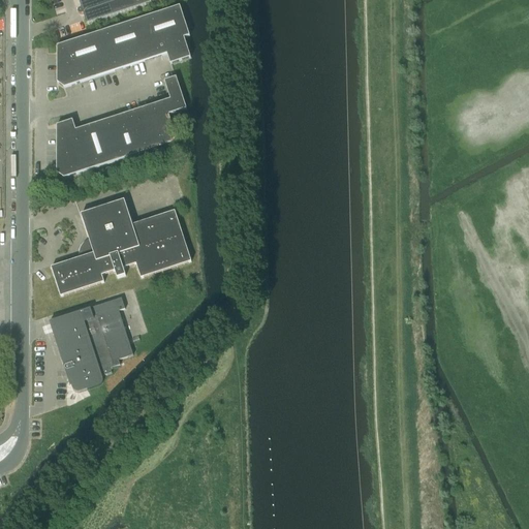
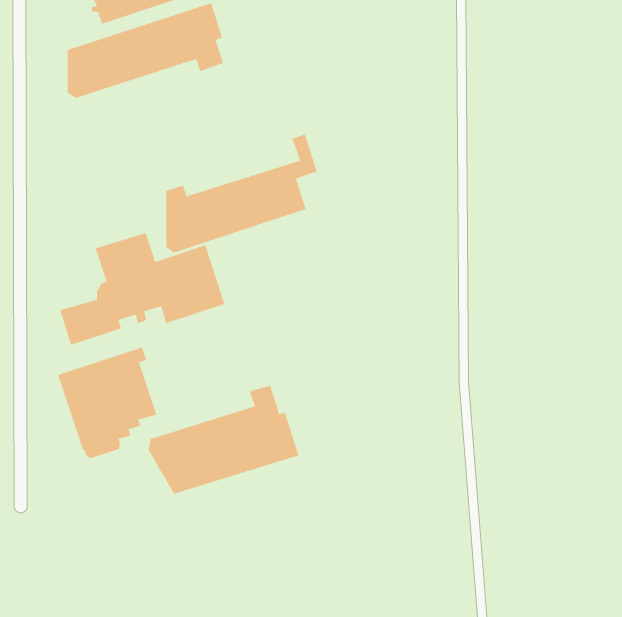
building: [57,73,186,175] -> [165,134,318,253]
building: none -> [148,385,299,495]

